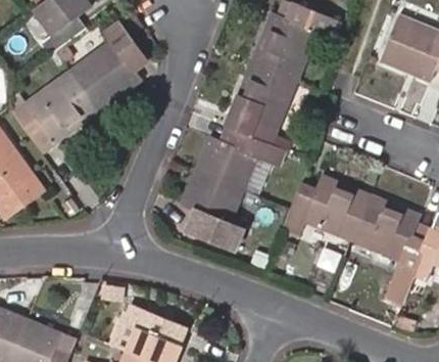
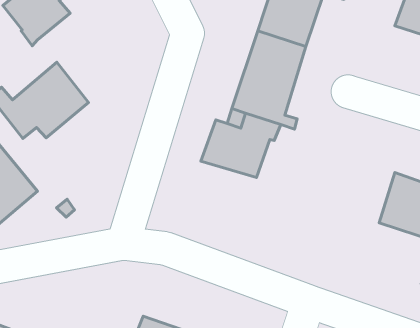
building: [69,40,141,111] -> none
building: [183,172,249,246] -> none
building: [281,174,372,239] -> none

